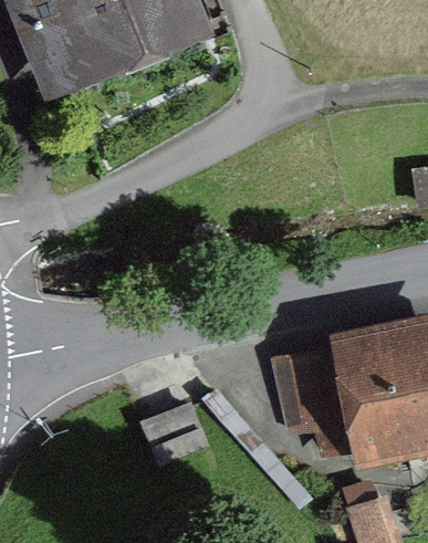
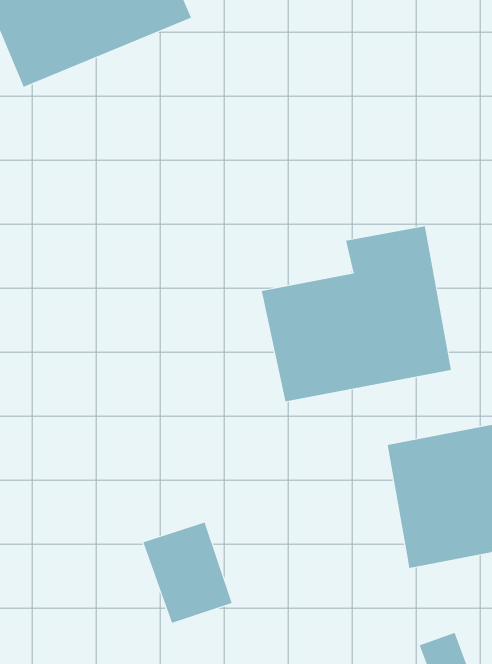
building: none -> [261,225,451,402]
building: [276,349,344,440] -> none

